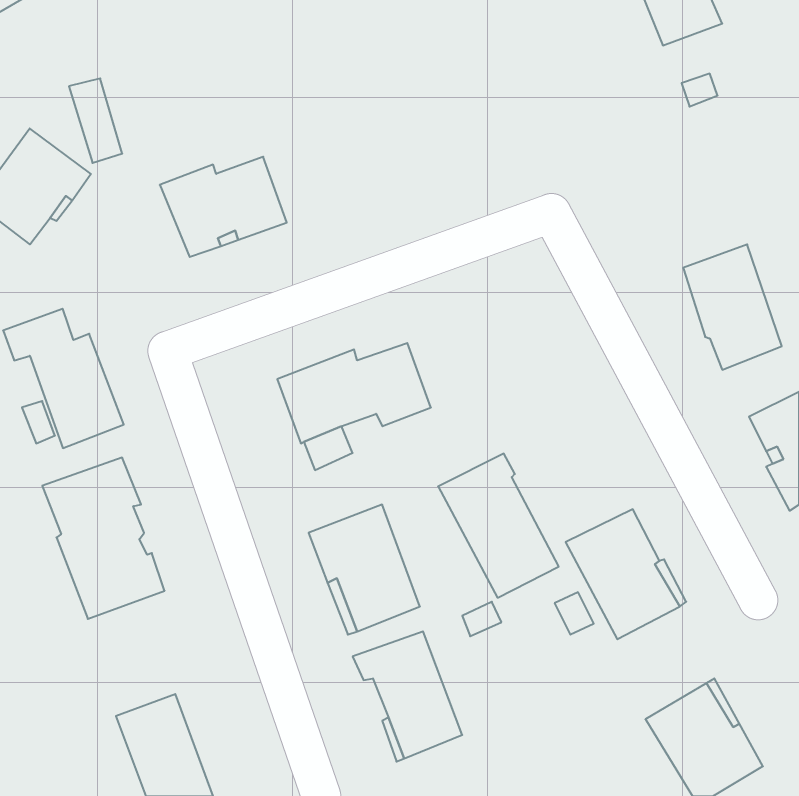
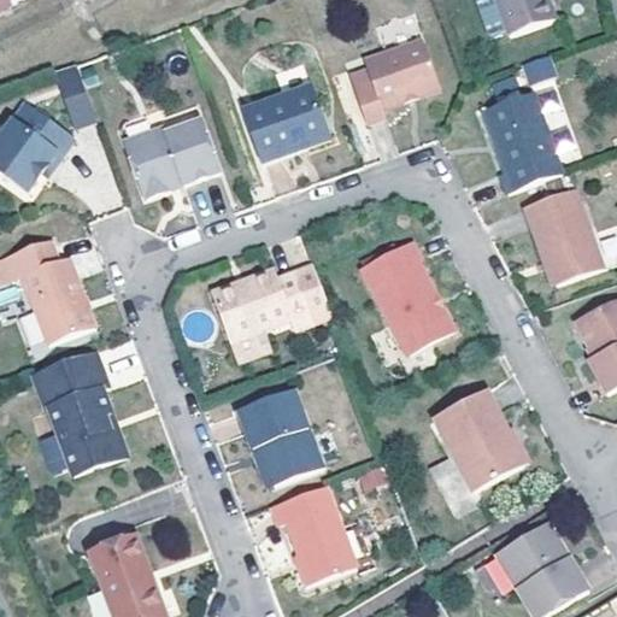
building: none -> [349,39,440,123]
building: none -> [241,86,328,163]
building: none -> [487,93,562,192]
building: [438,454,559,598] -> [362,243,454,354]

